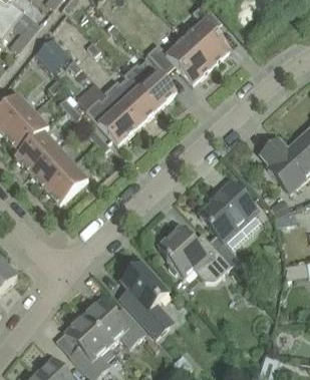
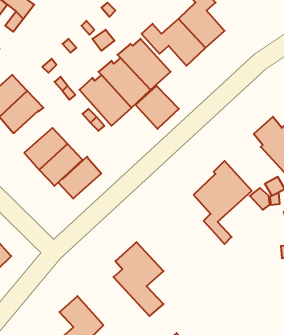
building: [36,38,68,70] -> none
building: none -> [136,86,179,129]
building: [14,130,57,172] -> [58,157,101,199]
building: [158,227,231,281] -> none
building: [82,300,144,346] -> none

